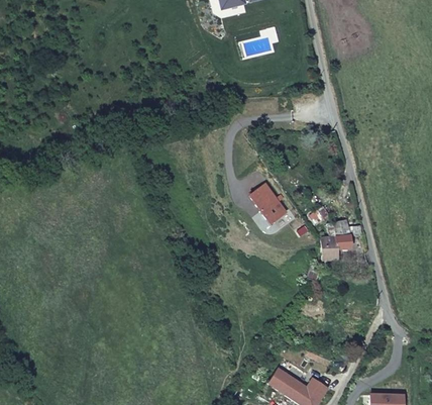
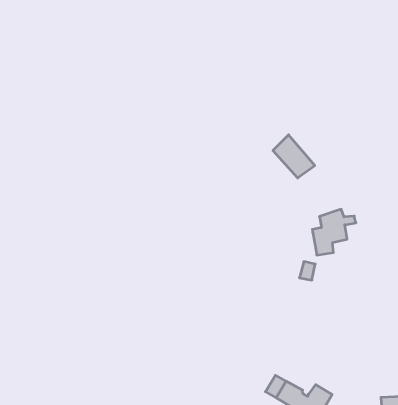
building: [251,183,288,222] -> [273,135,315,178]

